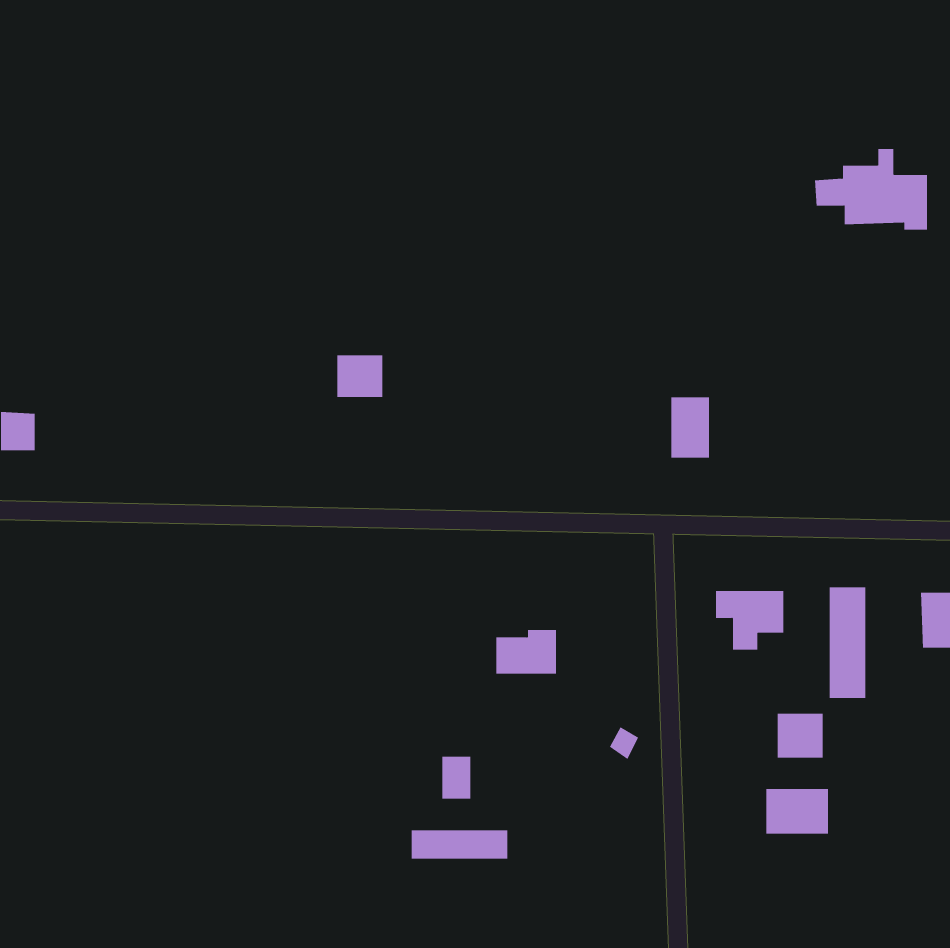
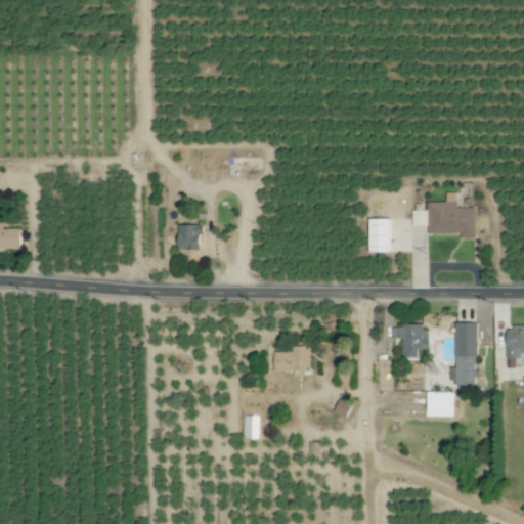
building: [814,148,928,230] -> [412,192,475,237]
building: [336,355,383,398] -> [178,226,204,250]
building: [766,788,828,835] -> none
building: [411,830,508,860] -> none

